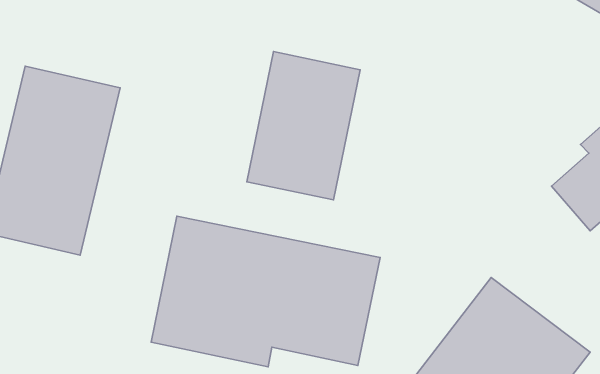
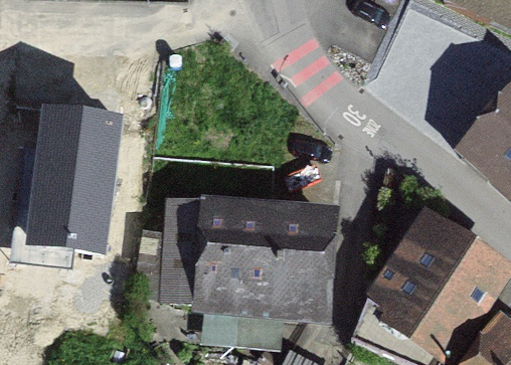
building: [247,51,360,200] -> none

